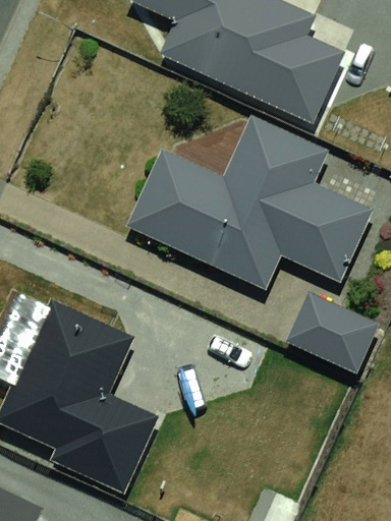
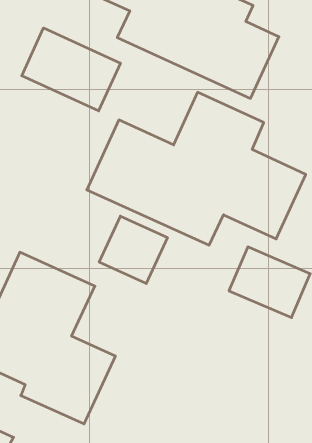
building: none -> [22,28,120,111]
building: none -> [99,216,167,284]

